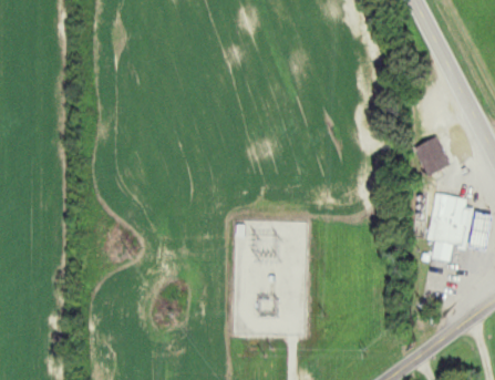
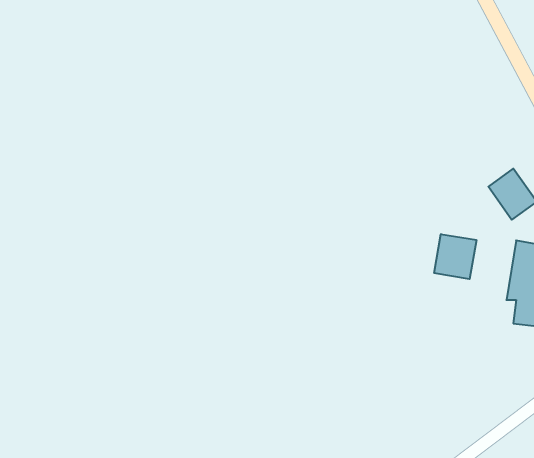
building: none -> [434,234,476,279]

